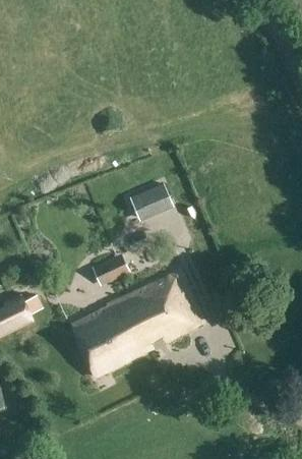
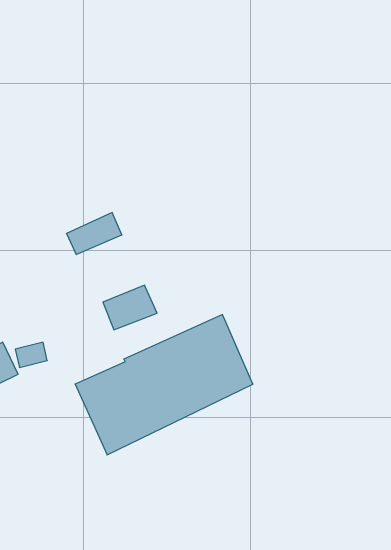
building: [130,186,171,217] -> [66,213,122,254]

